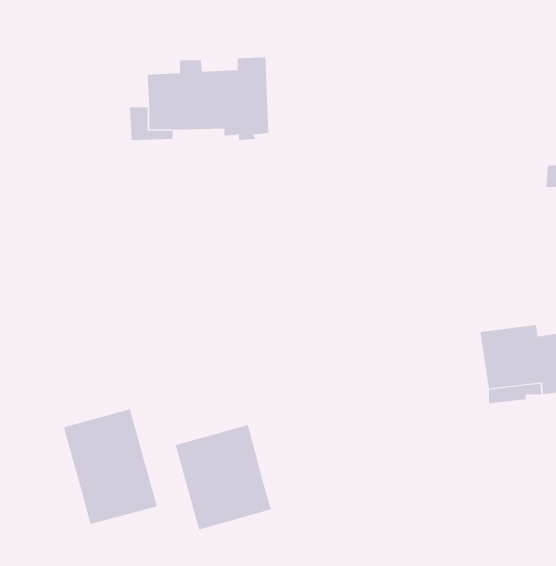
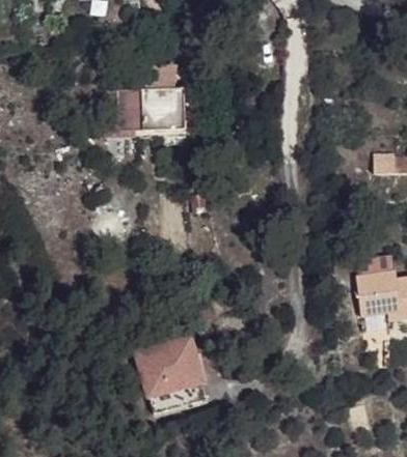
building: [63,409,157,525] -> none

